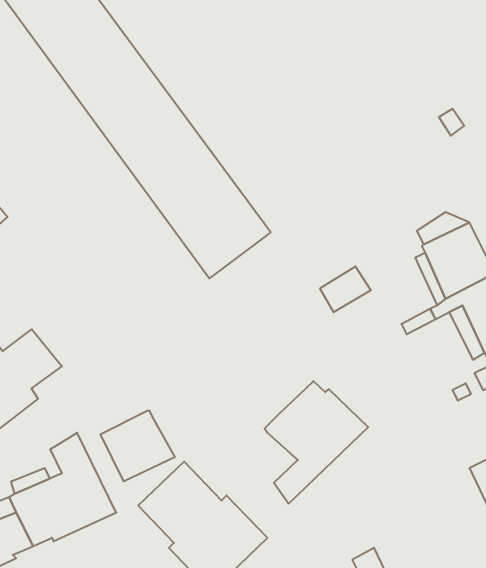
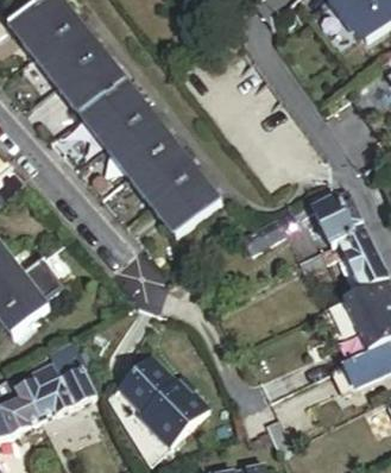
building: [265,381,368,504] -> none
building: [101,410,175,481] -> none

